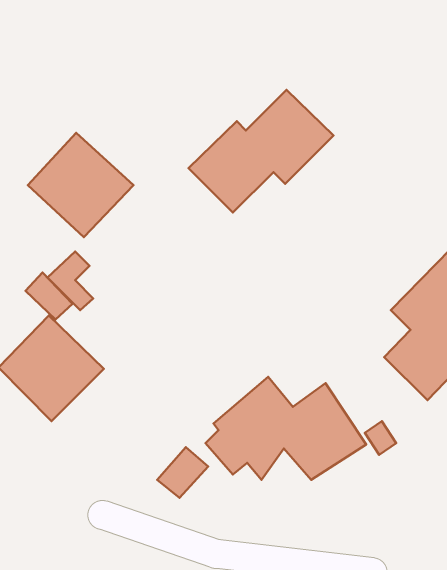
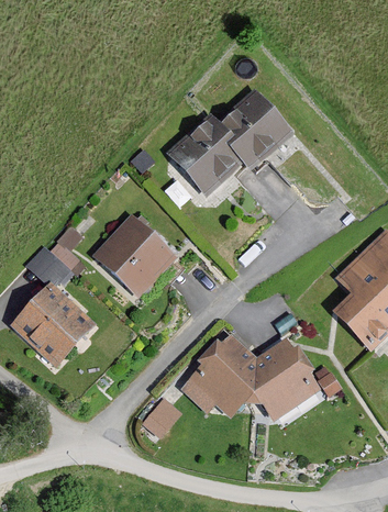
building: [28,133,134,237] -> [90,212,179,300]

